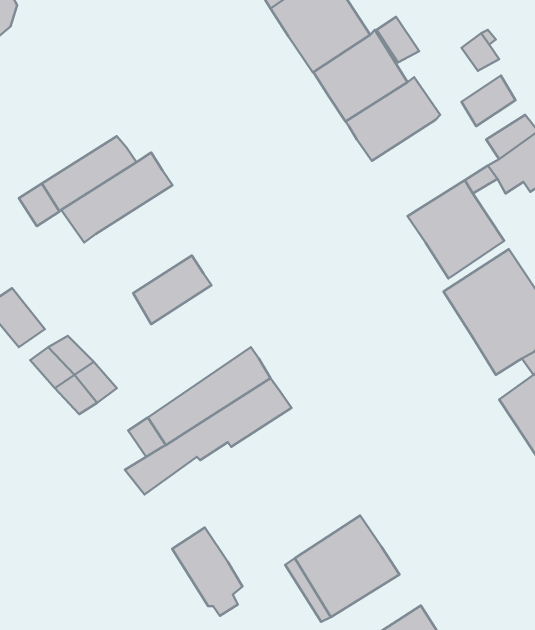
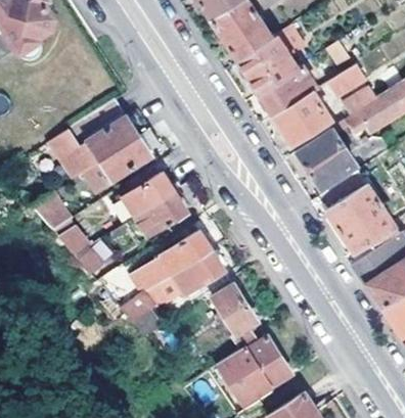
building: none -> [273,89,331,144]
building: none -> [88,130,158,188]
building: none -> [135,192,186,235]
building: [172,527,243,616] -> [213,285,257,340]

